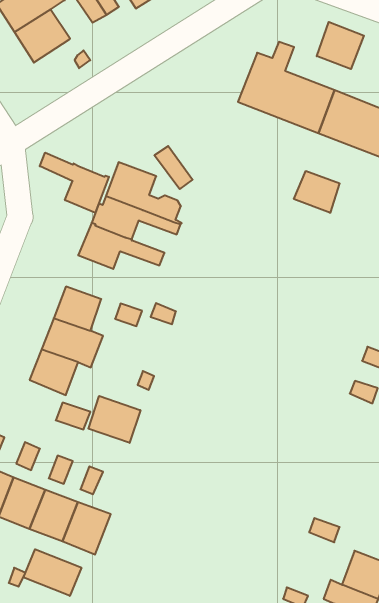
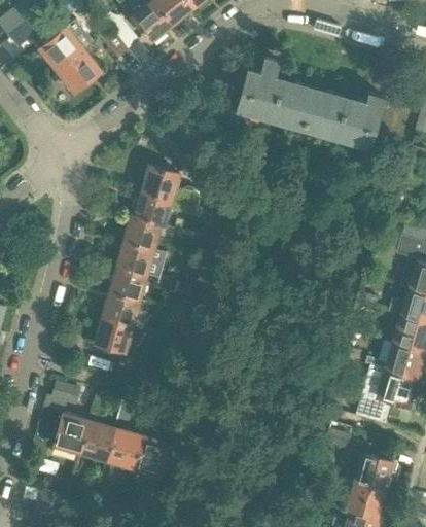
building: [317,22,364,69] -> none
building: [40,153,109,213] -> none
building: [294,171,340,213] -> none
building: none -> [115,242,151,275]
building: [88,396,140,443] -> none
building: [23,549,81,596] -> none

